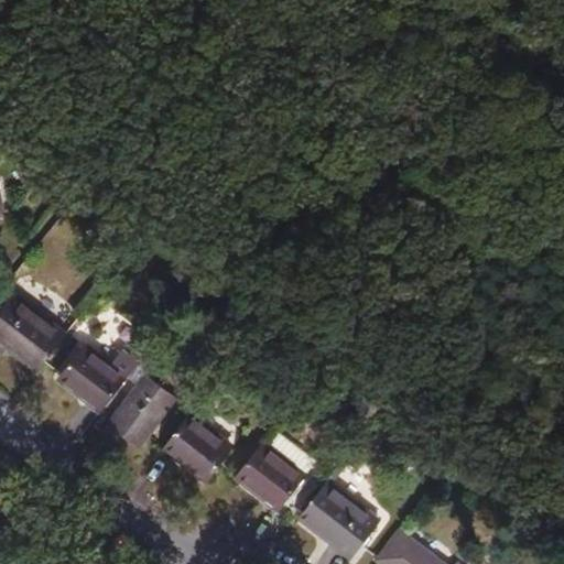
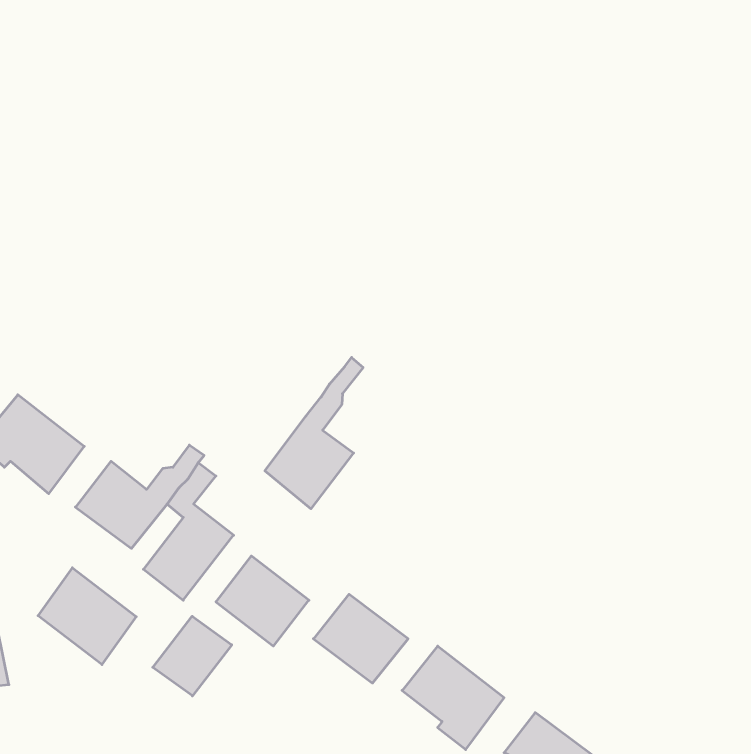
building: none -> [265,357,363,509]
building: none -> [38,568,136,665]
building: none -> [153,616,232,696]

